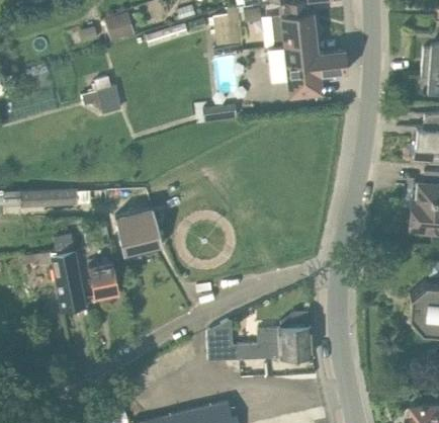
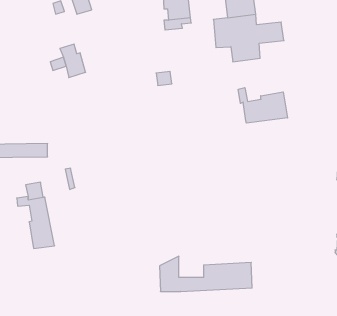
building: none -> [238,88,288,123]
building: [117,207,163,253] -> none
building: [89,261,119,299] -> none

